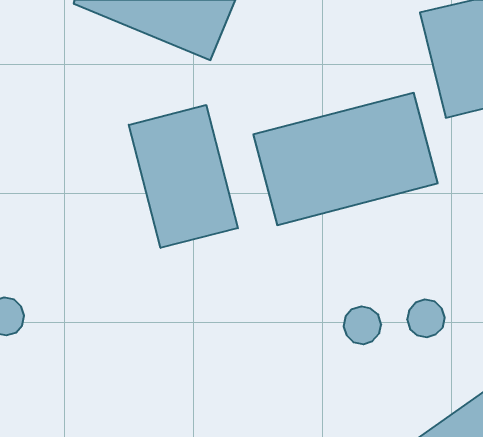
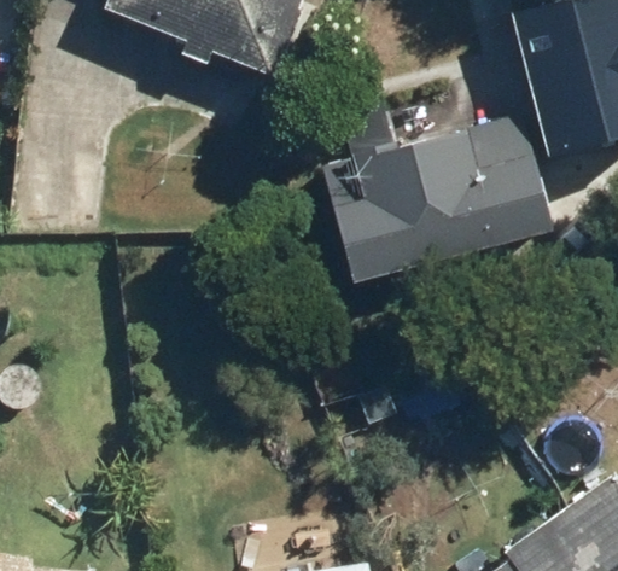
building: [129,105,238,248] -> none

